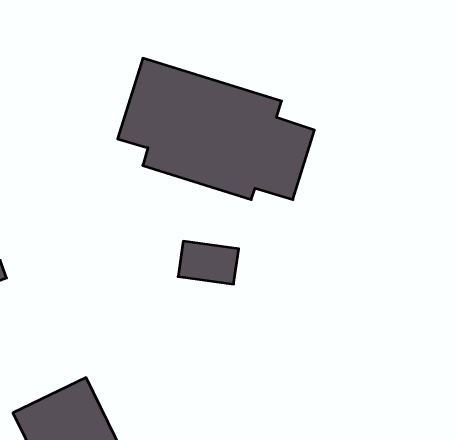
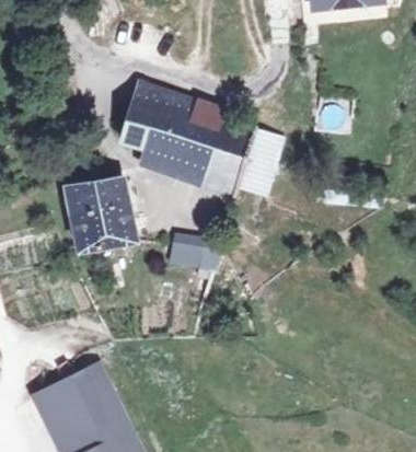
building: none -> [63,176,139,256]

